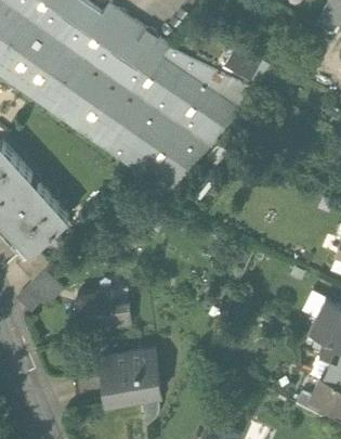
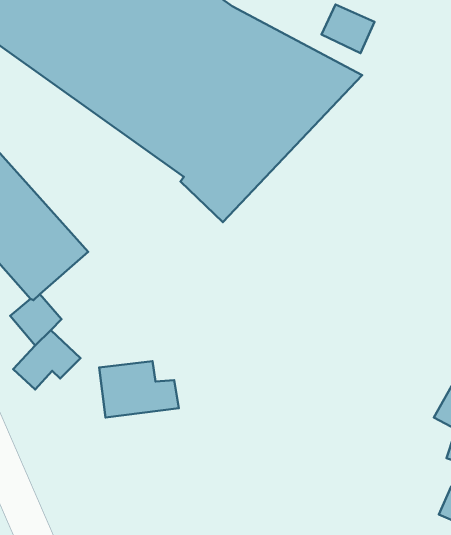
building: [100,350,161,403] -> none

